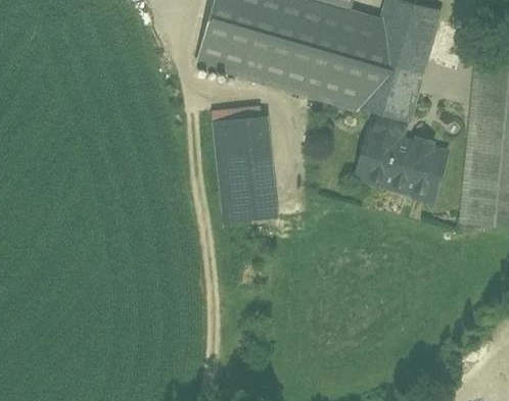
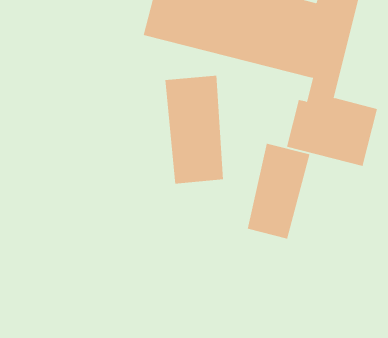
building: none -> [247,143,310,240]

